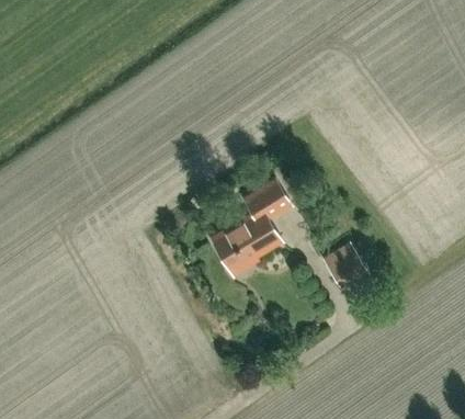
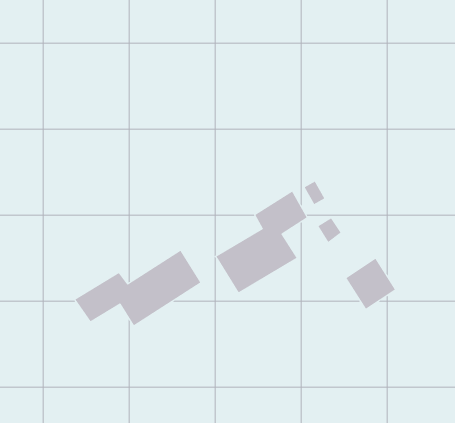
building: none -> [75,250,201,326]

